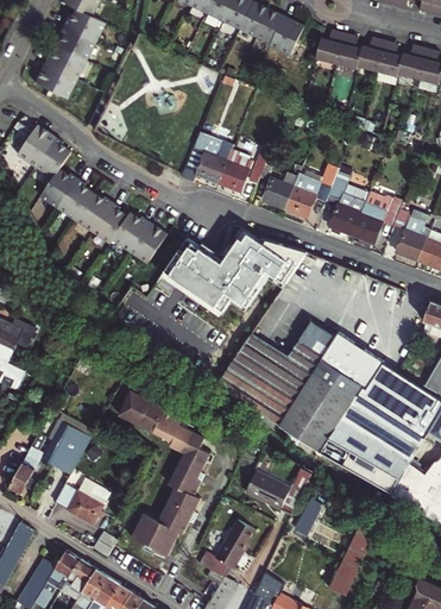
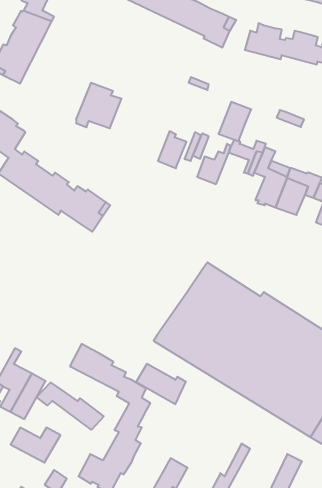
building: [181,132,232,183] -> [76,83,122,128]
building: [284,174,321,218] -> [218,102,251,141]
building: [166,234,303,308] -> none
building: none -> [37,382,104,430]
building: [245,470,301,515] -> [136,364,186,404]

